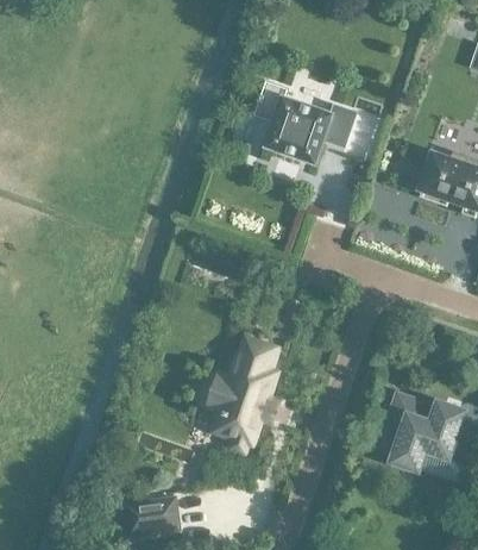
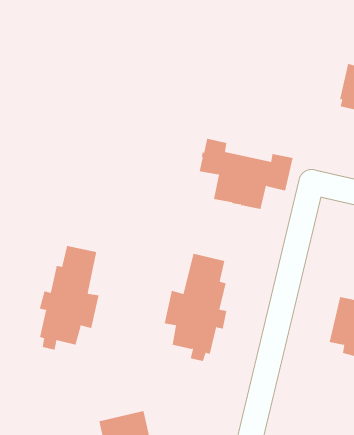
building: [253,81,356,163] -> [199,138,293,209]
building: none -> [39,245,99,351]

